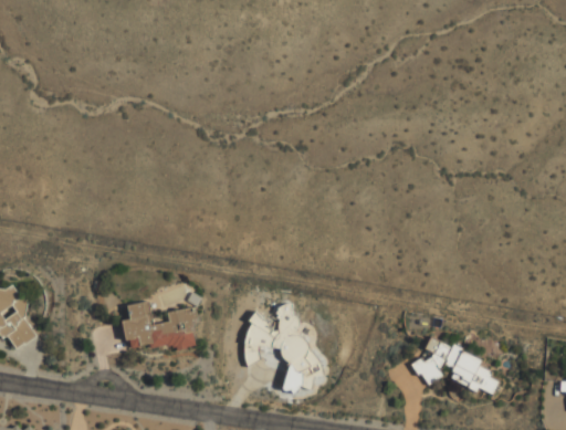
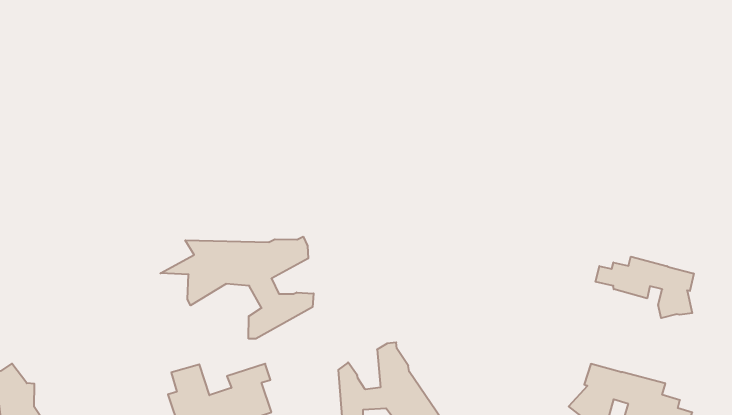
building: none -> [160,237,314,339]
building: none -> [595,257,694,318]

